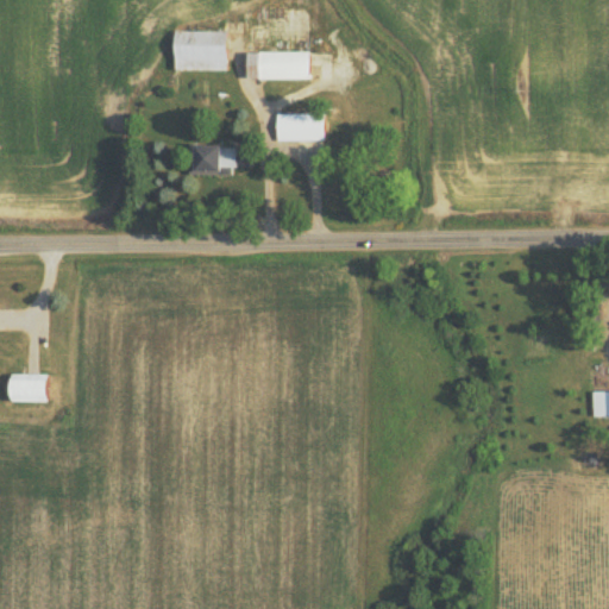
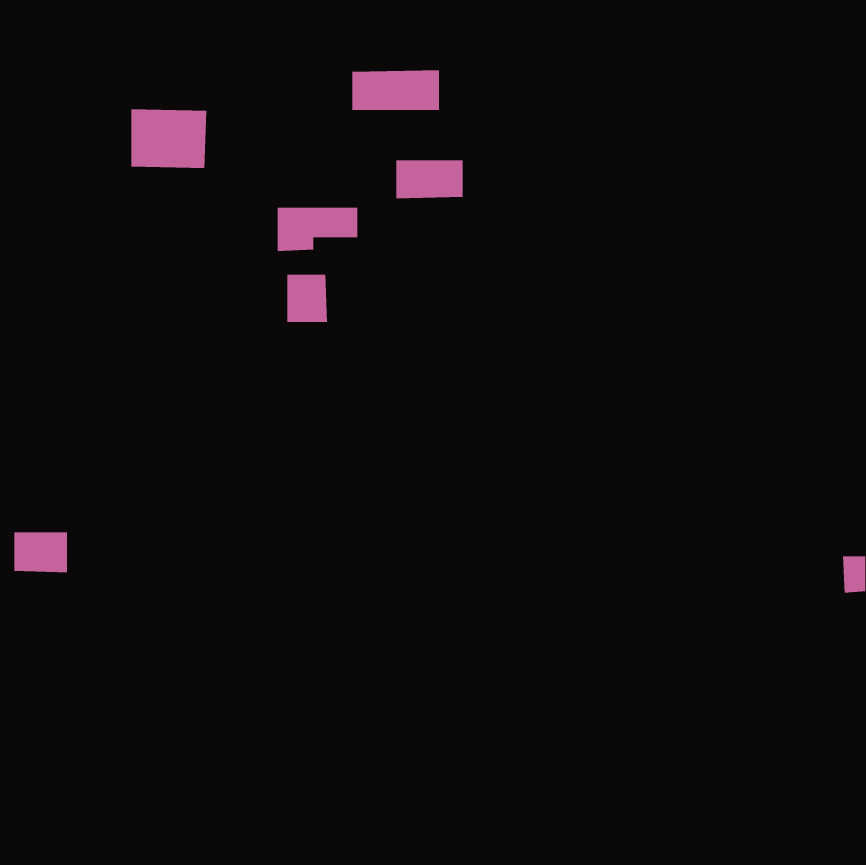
building: [174,30,227,71] -> [131,109,207,168]
building: none -> [287,274,327,323]

